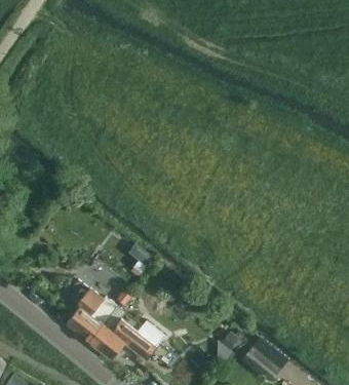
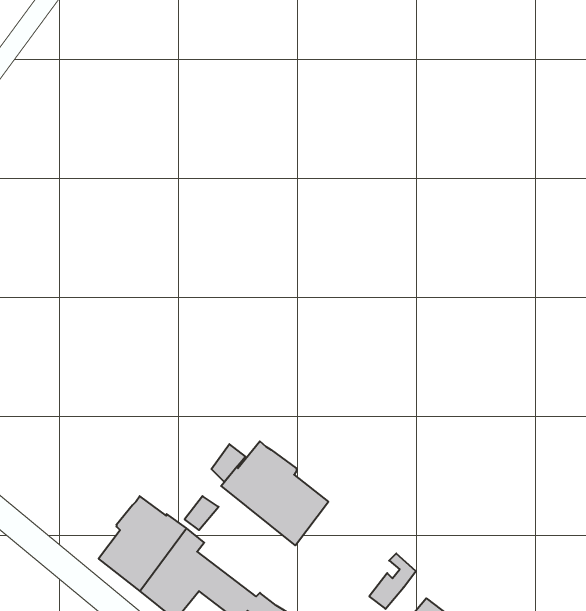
building: none -> [221,441,328,545]

